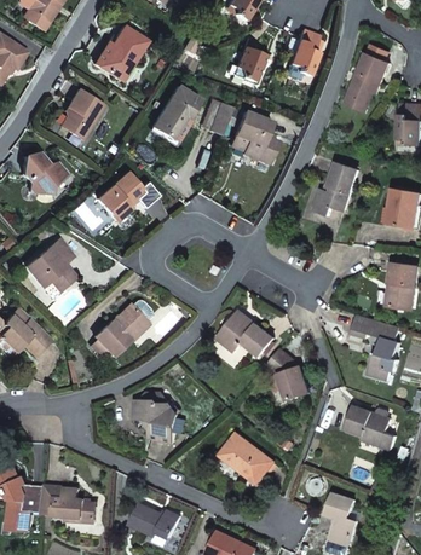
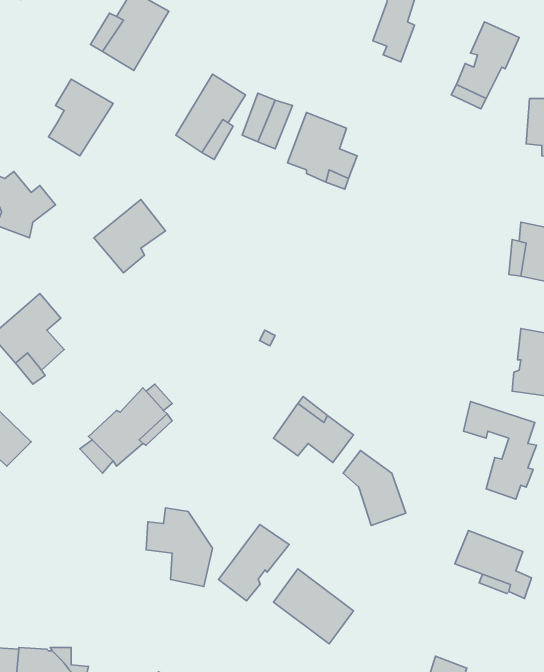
building: [235,47,266,83] -> none
building: [313,163,358,215] -> none
building: none -> [218,524,289,601]

